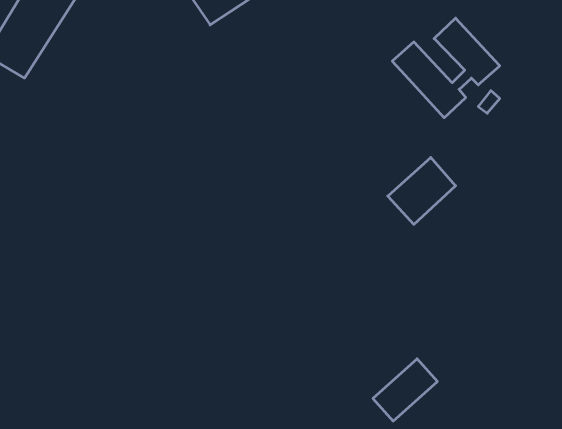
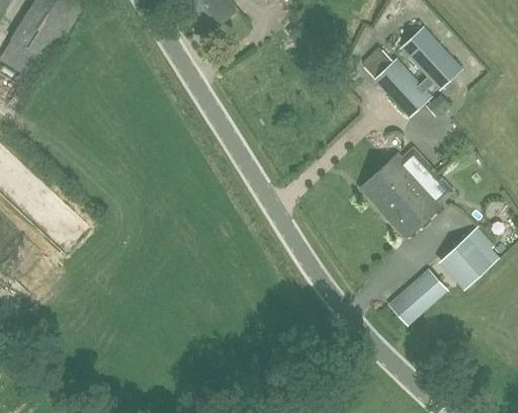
building: none -> [383,177,444,237]
building: none -> [440,226,508,288]
building: [373,359,437,421] -> [391,268,448,324]

